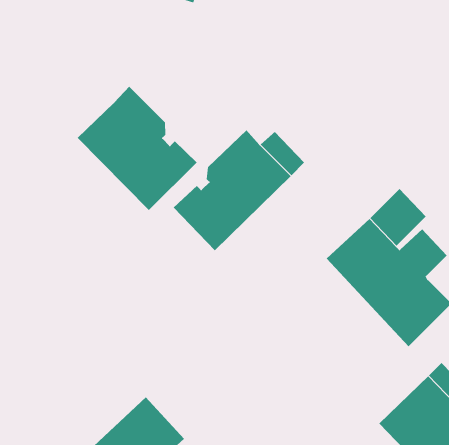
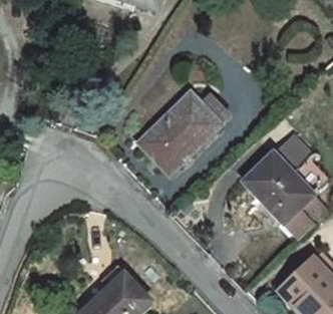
building: [77,86,198,211] -> none

